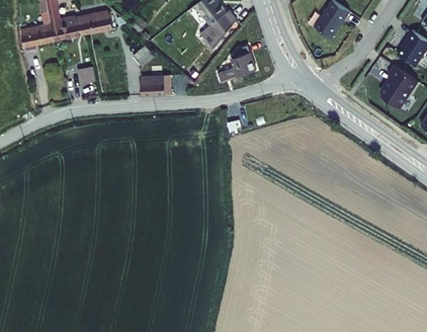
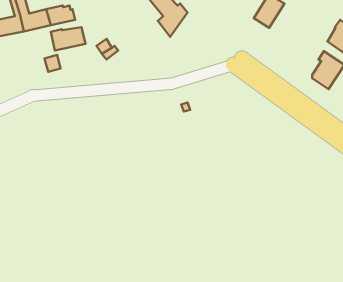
building: none -> [51,27,86,51]
building: [221,45,256,80] -> none
building: [143,74,173,95] -> none

